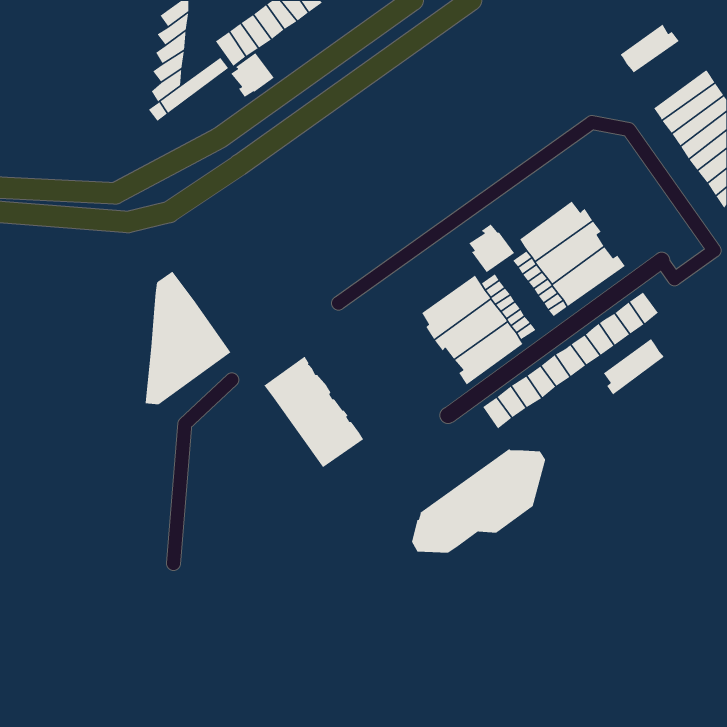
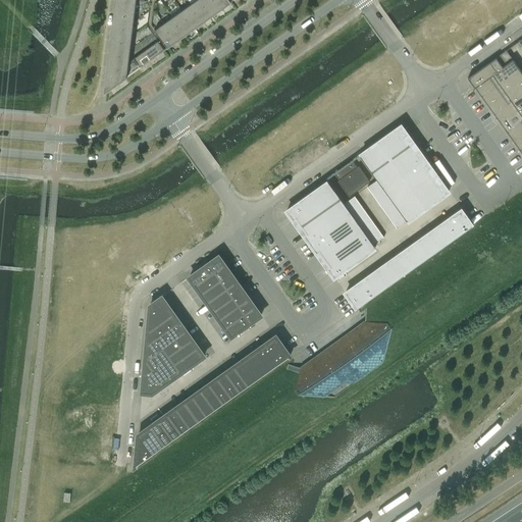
building: [619,24,680,74] -> none
building: [230,52,275,98] -> none
building: none -> [360,125,410,171]
building: none -> [286,180,341,224]
building: [145,270,232,405] -> [142,296,204,393]
building: [603,338,665,396] -> none
building: none -> [135,335,291,466]

